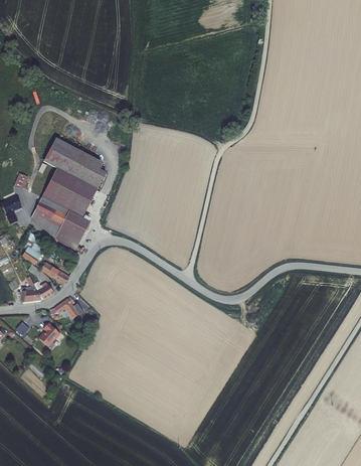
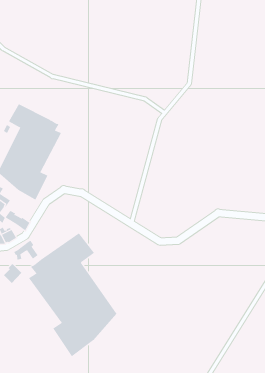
building: none -> [28,232,117,357]

